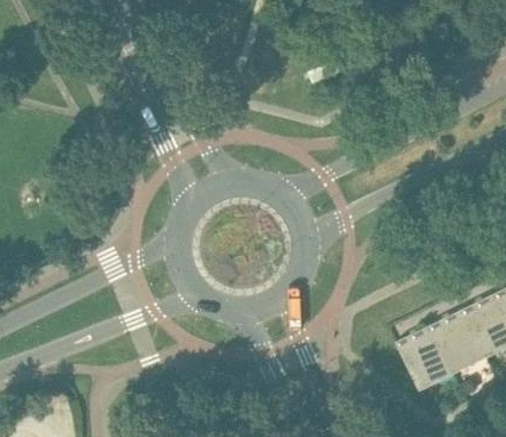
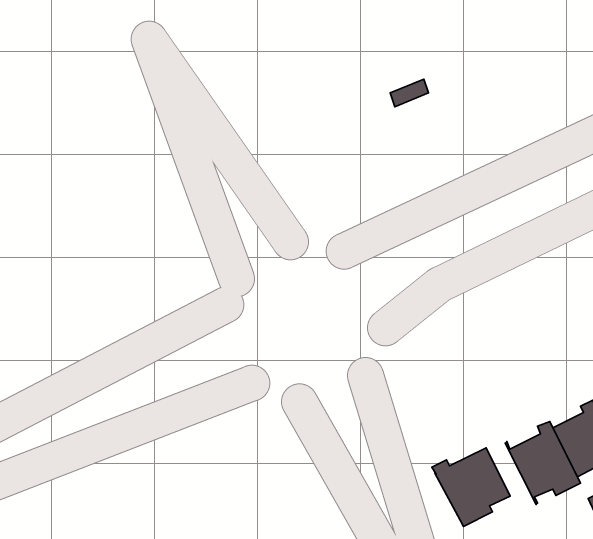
building: none -> [432,448,510,526]

